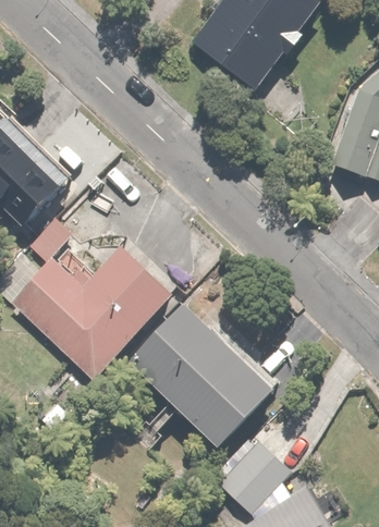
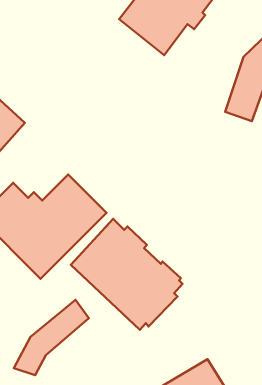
building: none -> [14,300,89,375]
building: [218,440,289,512] -> none

